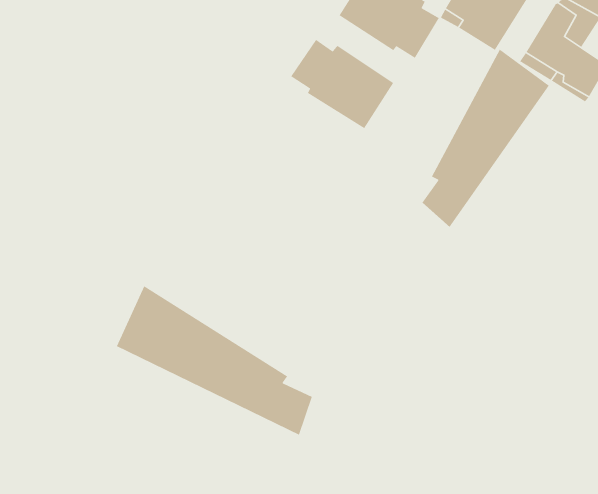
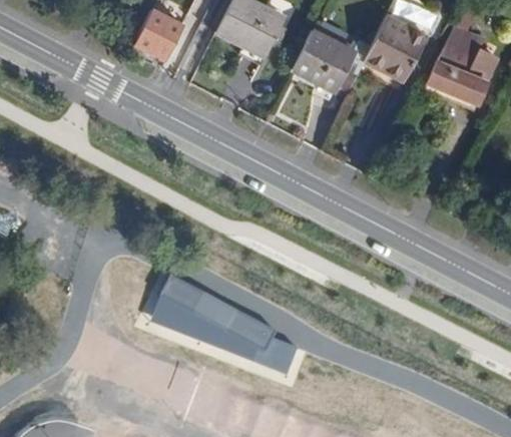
building: [290,39,394,129] -> none
building: [421,49,550,228] -> none

